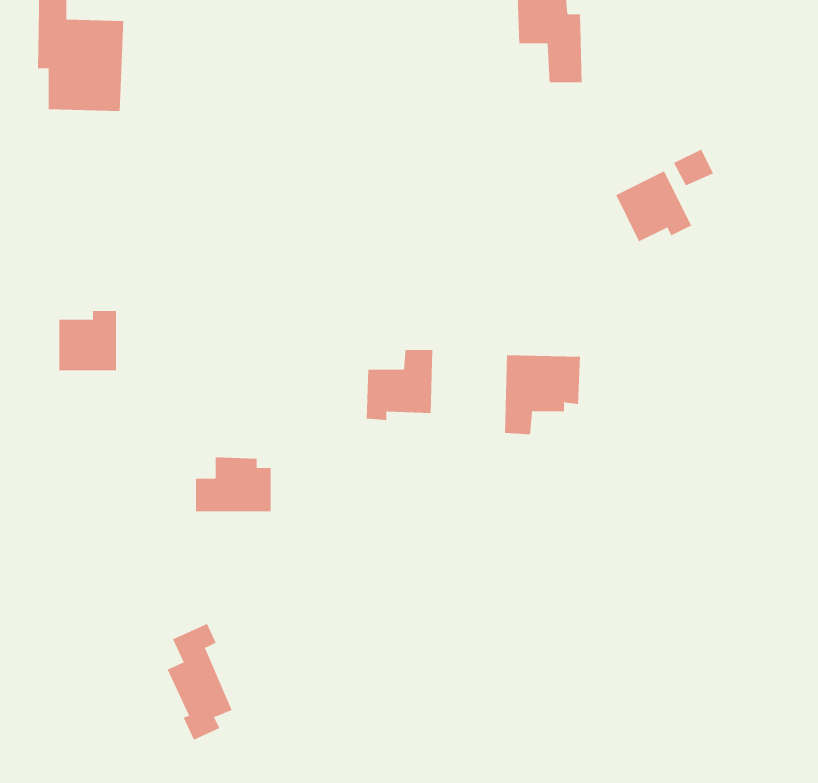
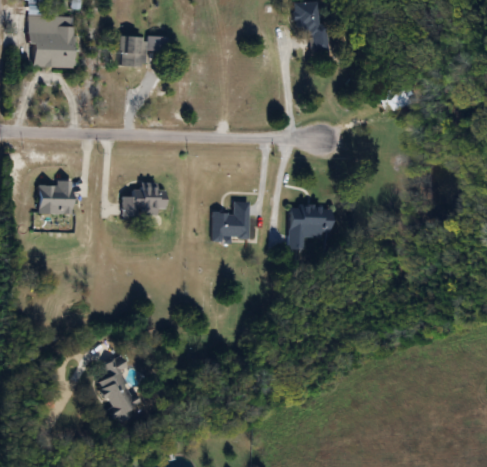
building: none -> [120,35,167,67]
building: [615,171,692,242] -> none
building: [195,457,272,512] -> [121,184,164,215]

